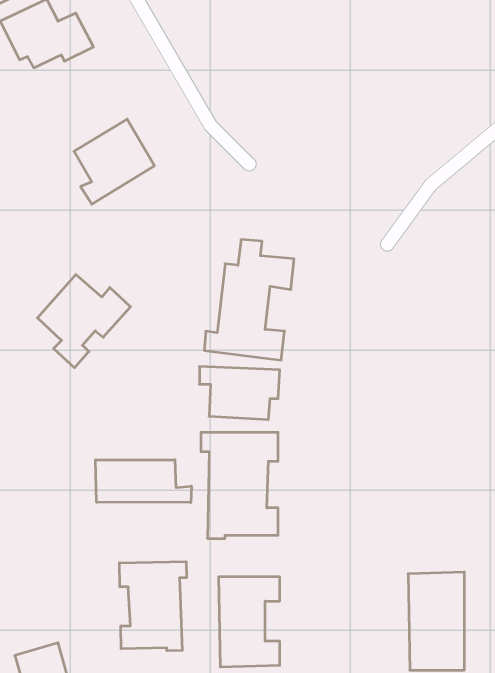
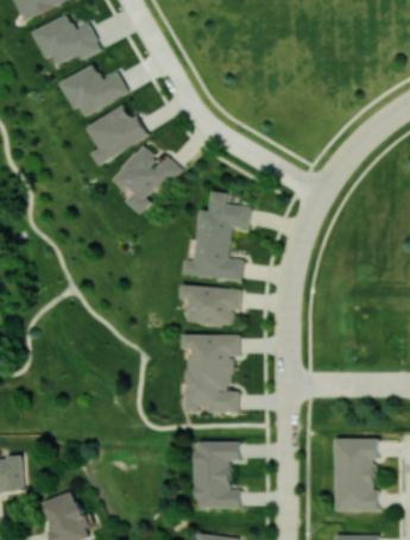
building: none -> [61,65,128,114]
building: [37,275,131,368] -> [113,145,182,214]
building: [96,460,191,503] -> none
building: [120,562,186,651] -> none

